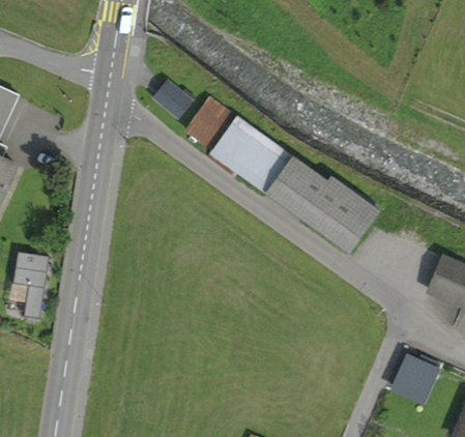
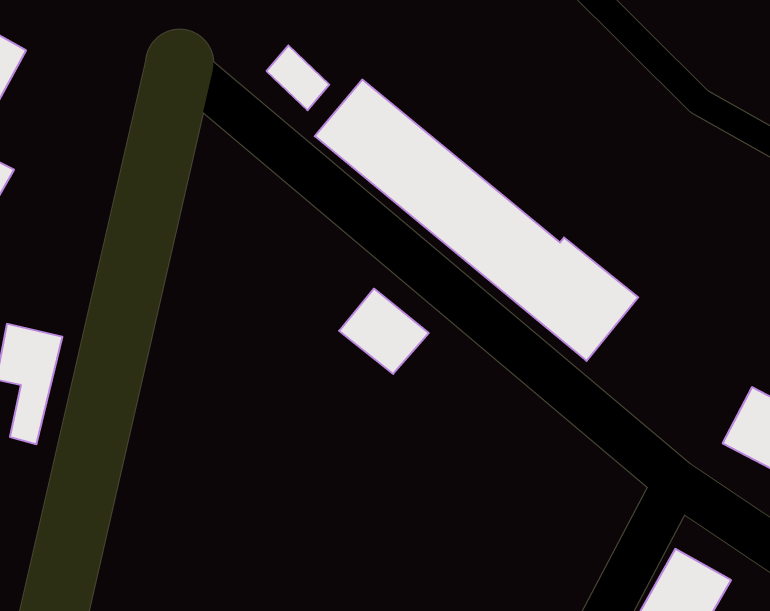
building: none -> [339,289,429,374]

